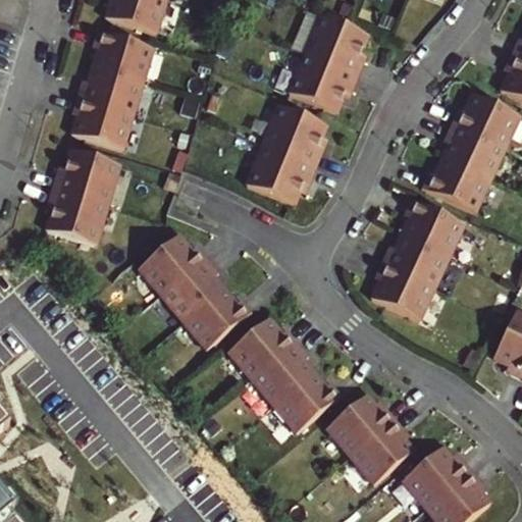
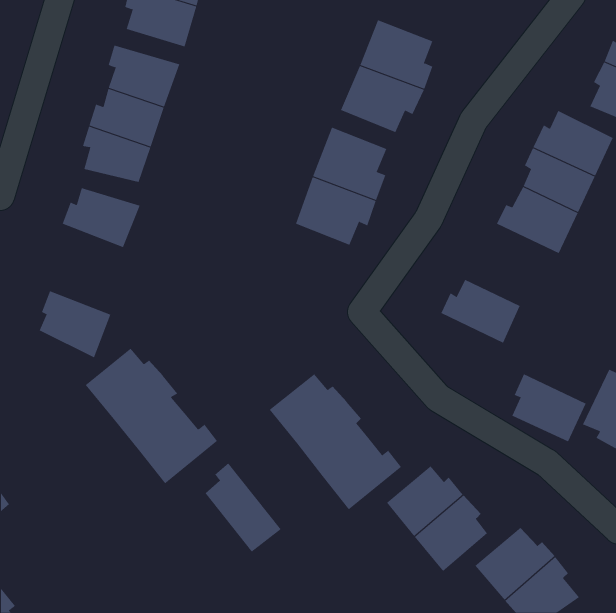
building: [45,189,106,246] -> [39,290,111,358]
building: [394,200,456,258] -> none
building: [132,232,244,348] -> [85,348,218,484]
building: [363,264,426,322] -> [511,373,587,442]
building: none -> [205,463,281,552]

